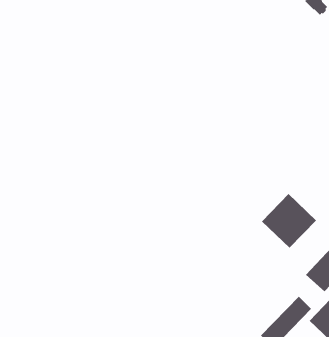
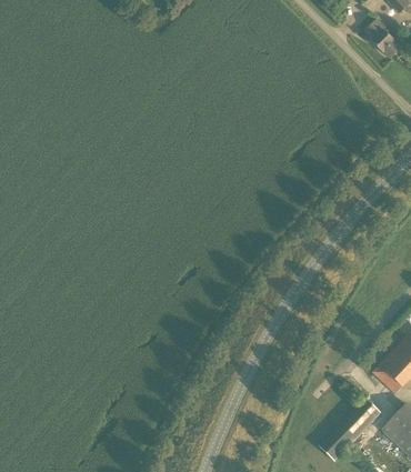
building: [261,193,317,249] -> none

